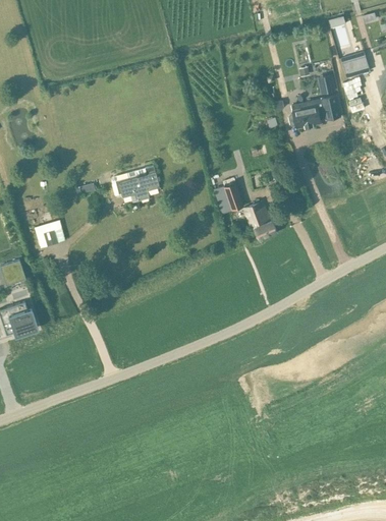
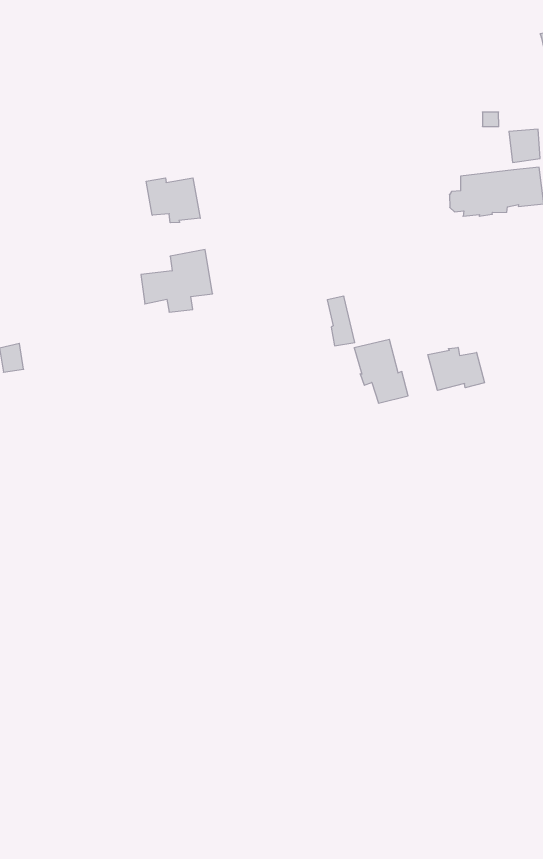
building: none -> [146,178,200,223]
building: none -> [428,347,485,390]

